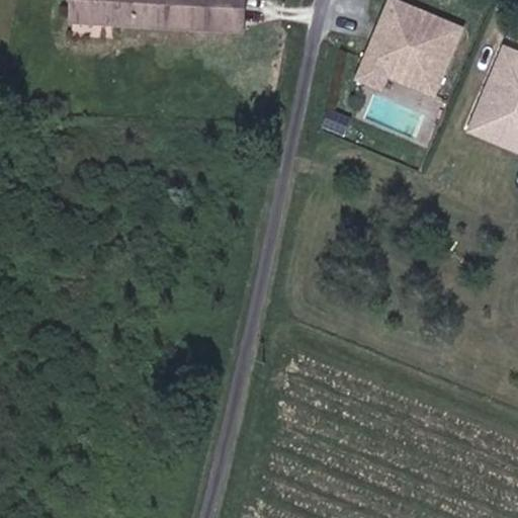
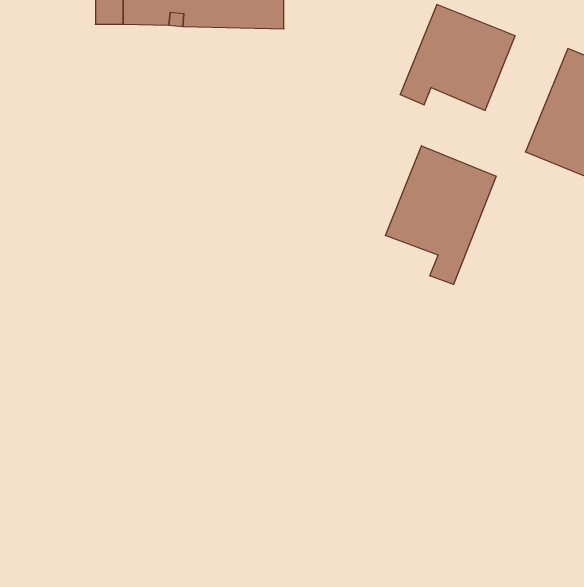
building: none -> [385,146,496,284]

